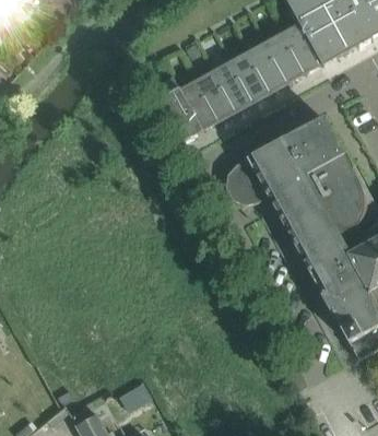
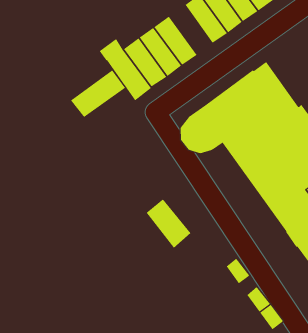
building: [231,49,271,102] -> none
building: none -> [70,69,126,118]
building: none -> [146,199,191,248]

